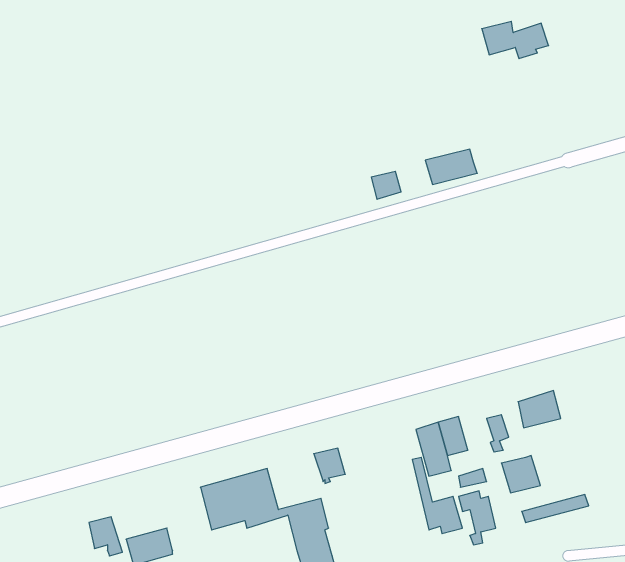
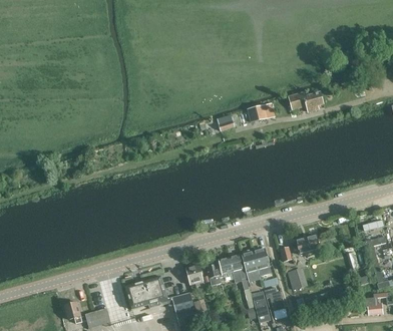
building: [482,21,549,59] -> [288,91,324,111]
building: none -> [208,254,243,285]

